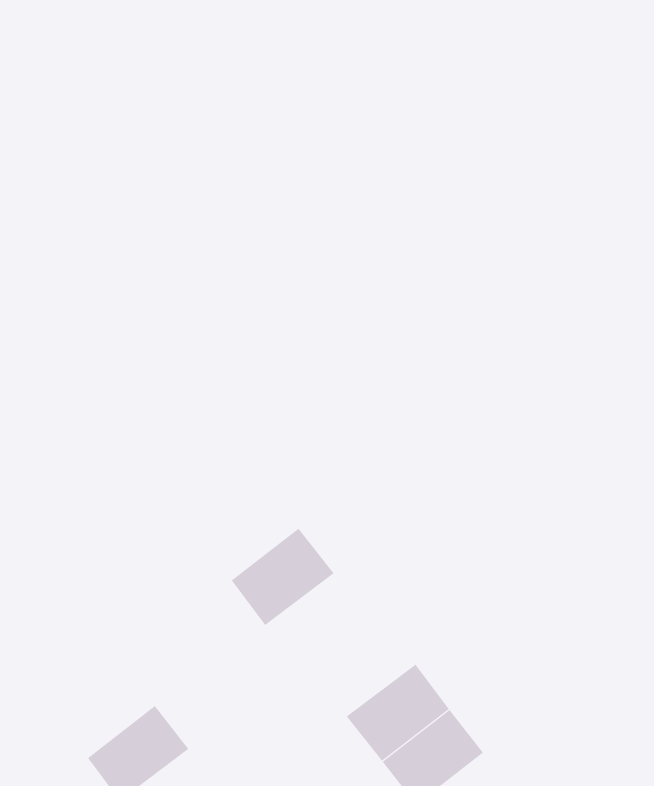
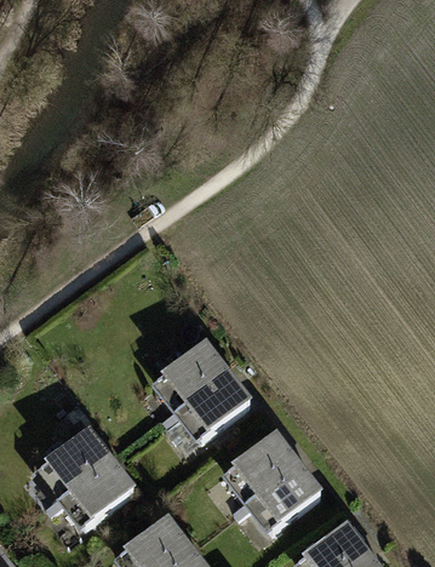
building: none -> [179,376,245,437]
building: none -> [42,431,109,494]

